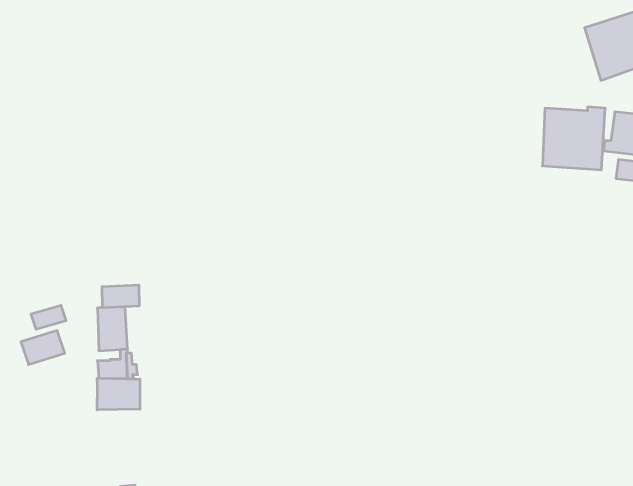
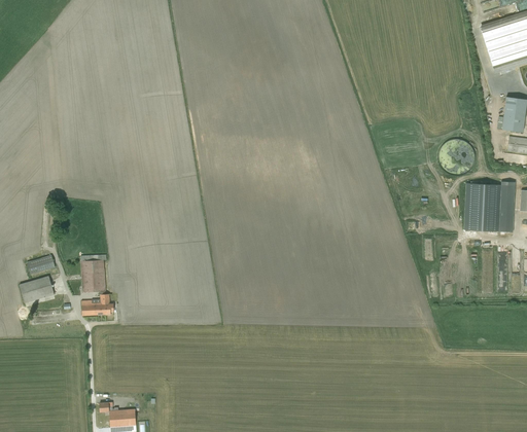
building: [542,107,605,170] -> [464,181,516,232]
building: [102,285,139,308] -> none
building: [97,378,140,410] -> none

